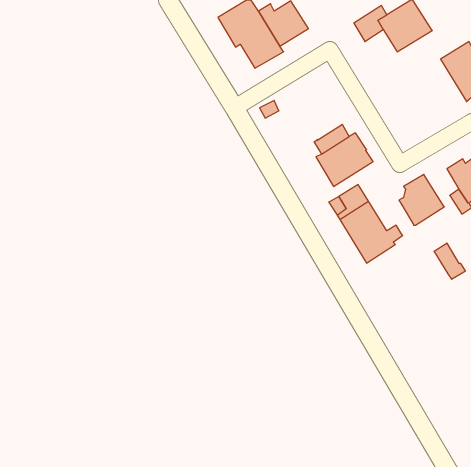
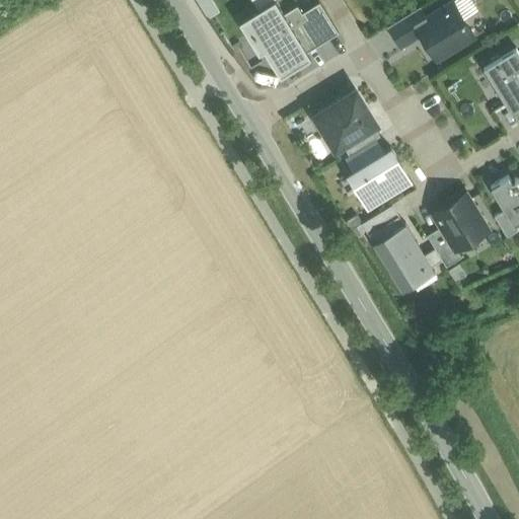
building: none -> [315,93,374,152]
building: [434,243,465,279] -> [428,230,462,270]

